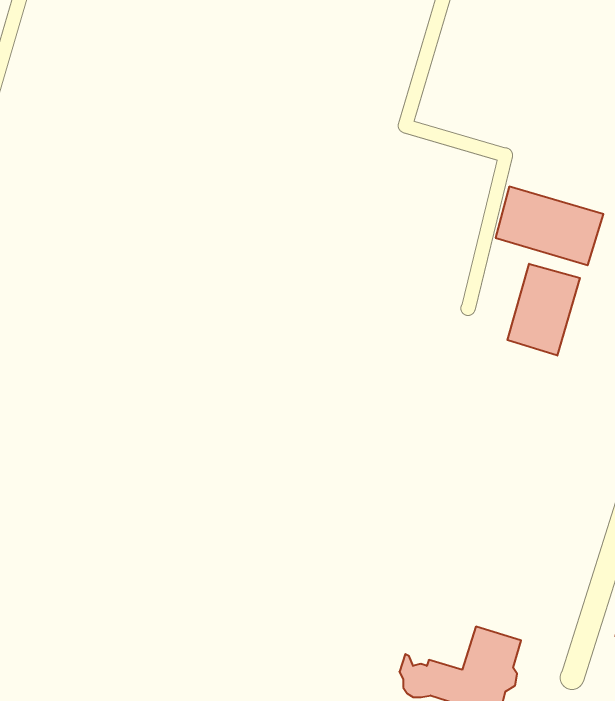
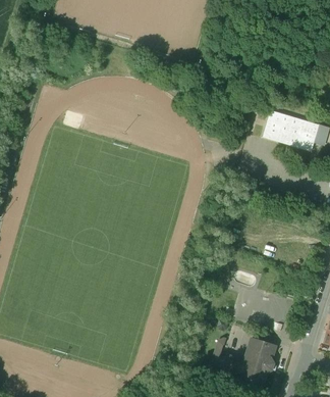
building: [507,264,580,356] -> none

